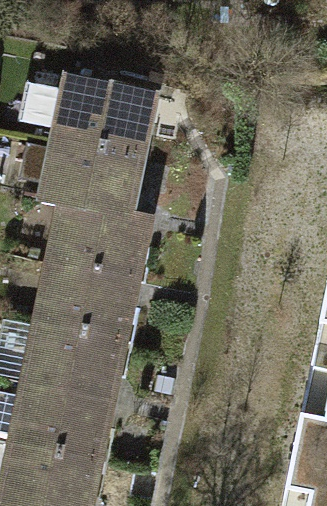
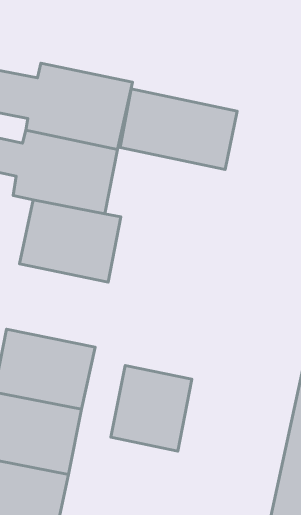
building: none -> [120,89,237,169]
building: [39,263,134,341] -> none
building: none -> [111,366,192,451]

